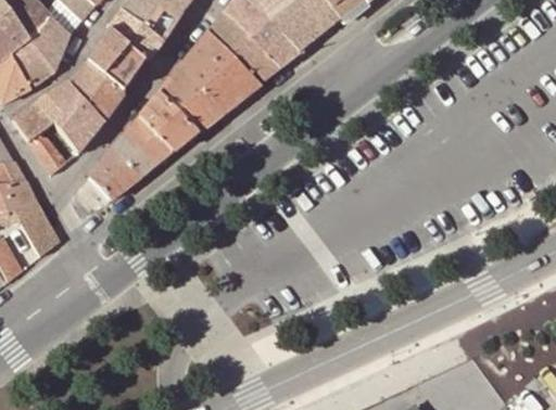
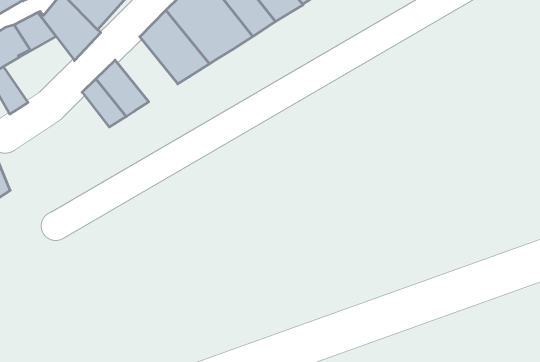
building: [138,94,195,151] -> none
building: [53,102,102,154] -> none
building: [87,149,139,200] -> none

